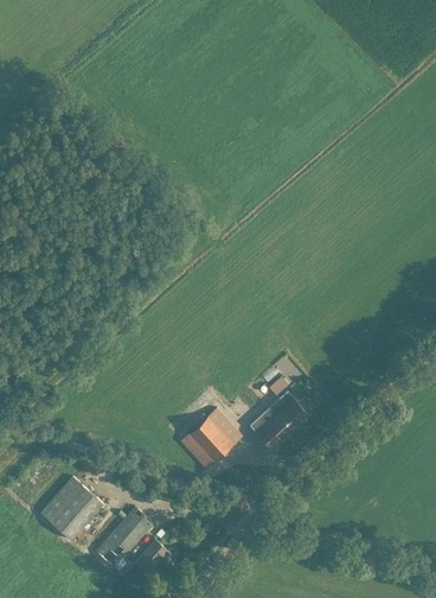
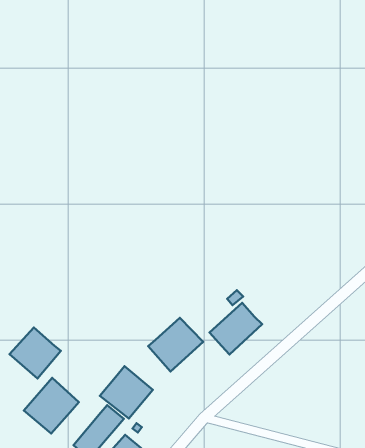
building: none -> [9,327,61,379]
building: none -> [100,366,153,419]

